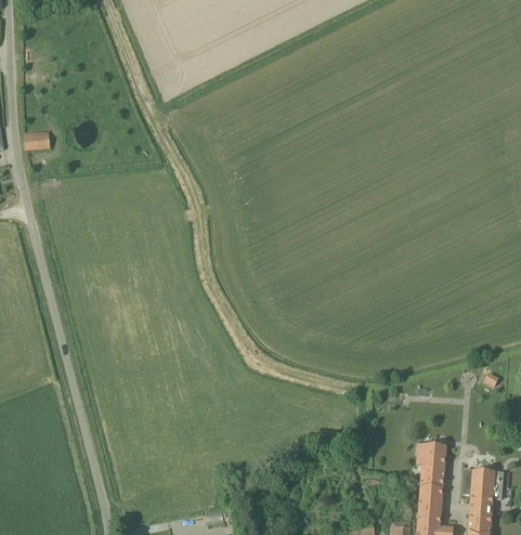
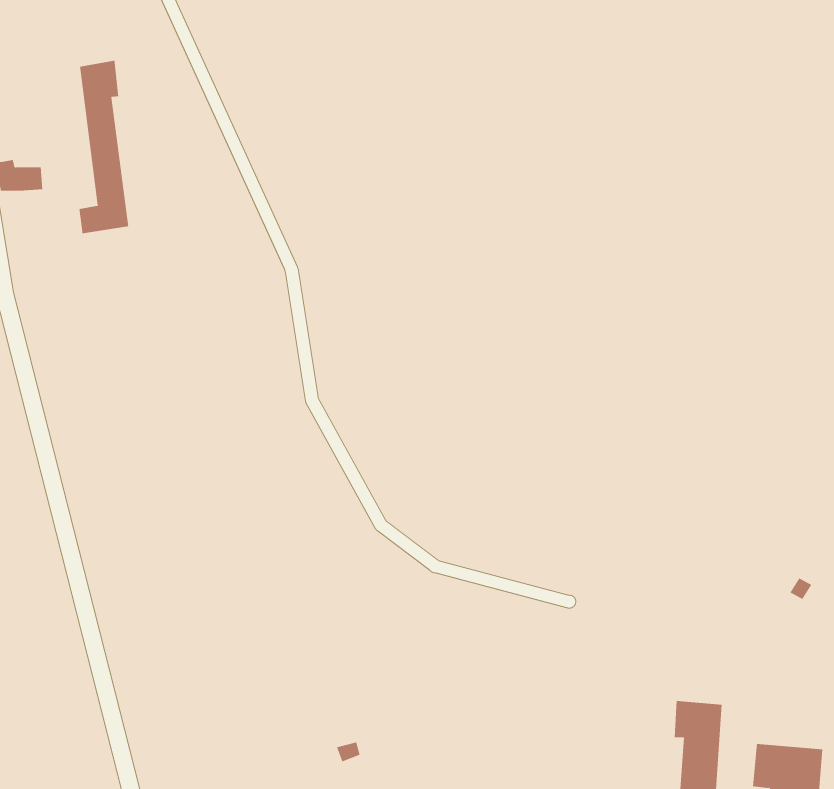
building: none -> [79,60,129,234]

